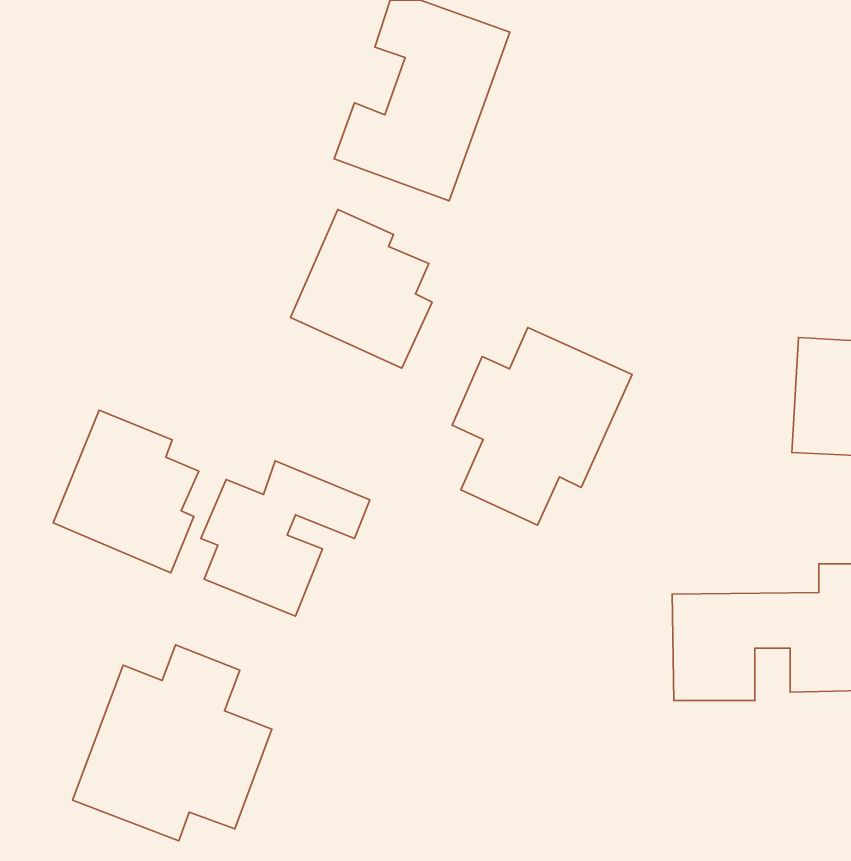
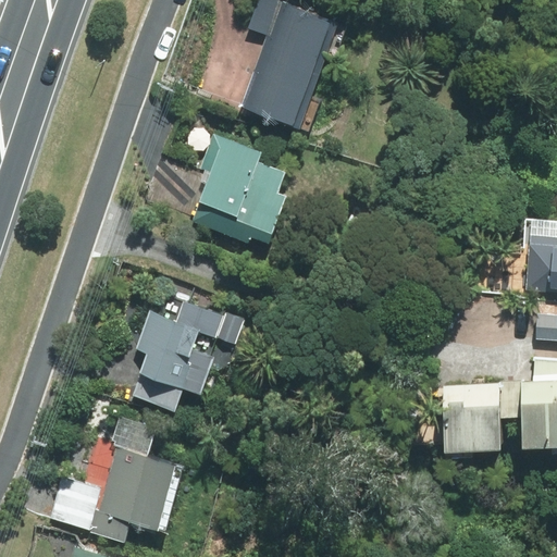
building: [452,327,632,525] -> none
building: [53,410,199,573] -> none

